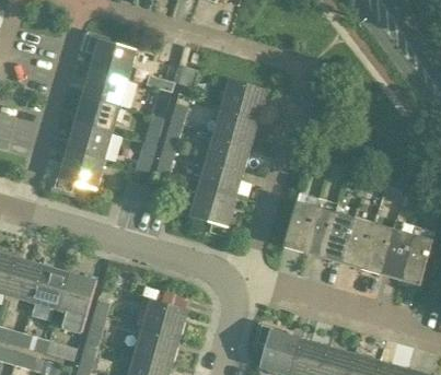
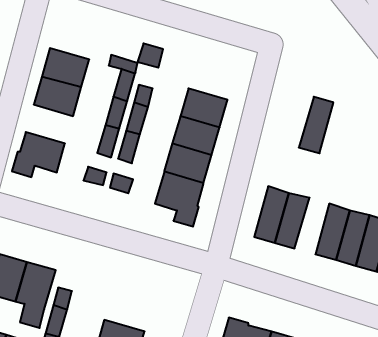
building: [83,33,136,79] -> none
building: [221,79,266,117] -> none
building: [67,121,112,159] -> none
building: [322,210,355,263] -> [299,97,333,153]
building: [141,298,187,337] -> none

